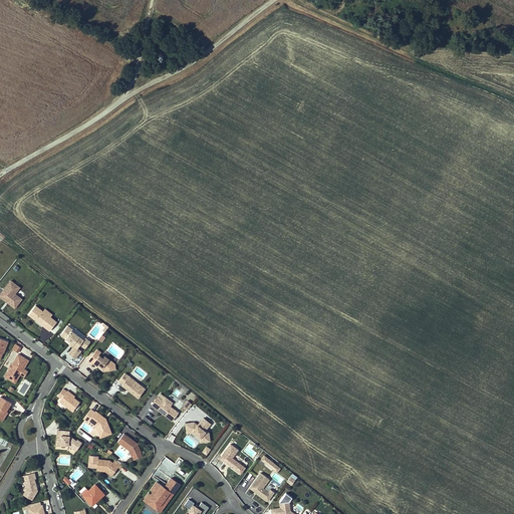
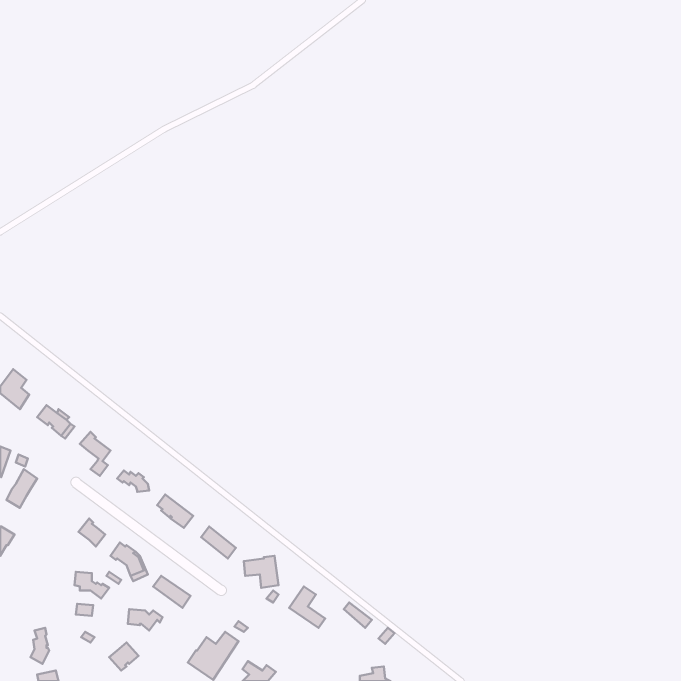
building: [248,471,274,501] -> none

